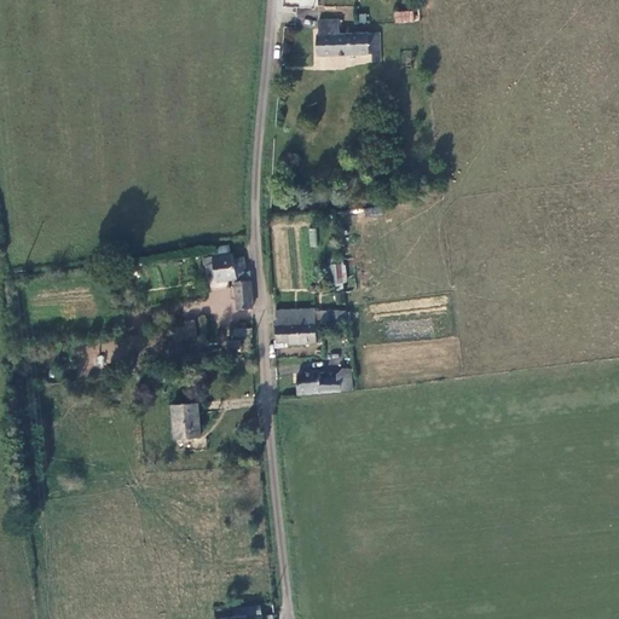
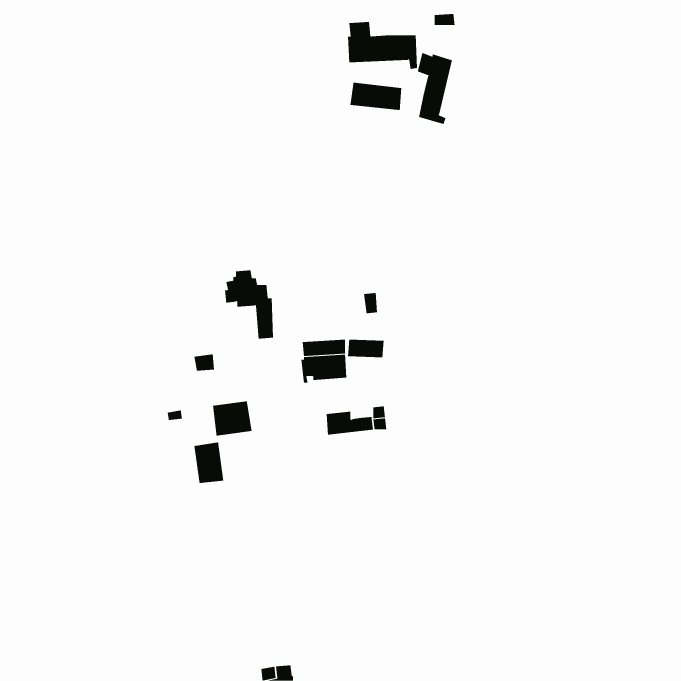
building: none -> [417,52,453,125]
building: none -> [350,82,402,111]
building: none -> [212,400,252,437]

